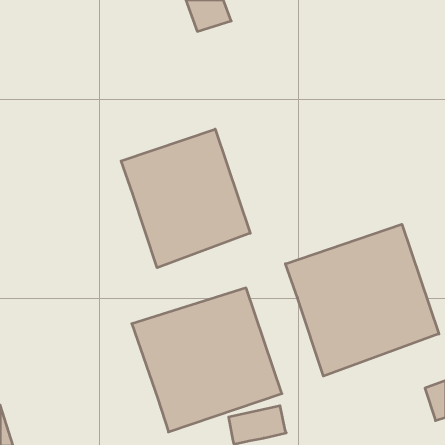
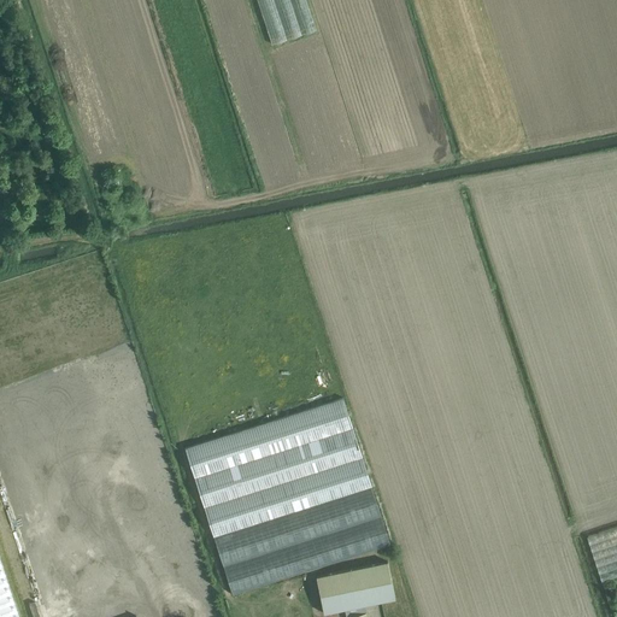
building: [121,129,250,268] -> none
building: [285,224,439,376] -> none

